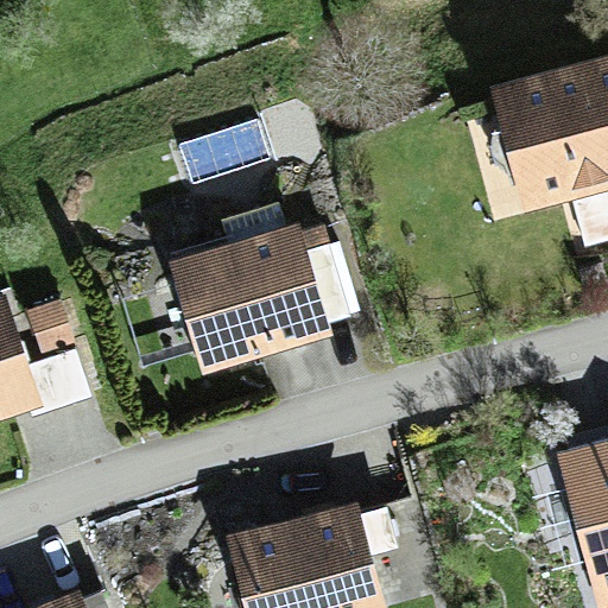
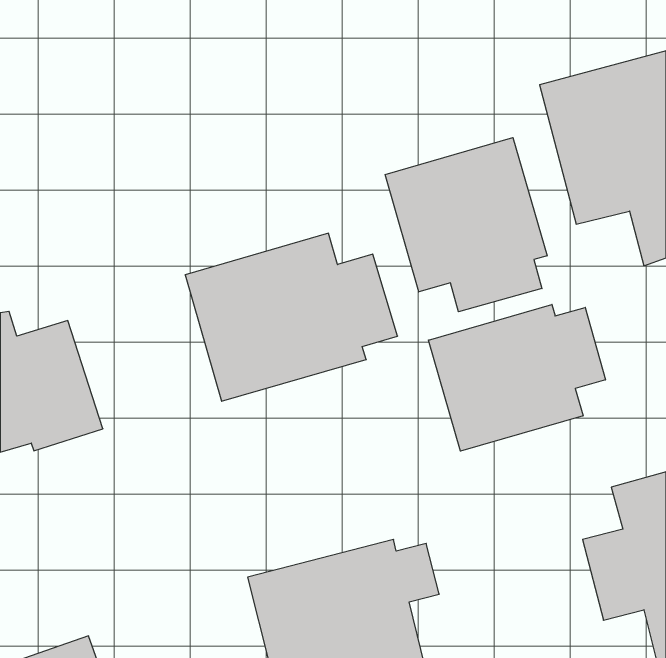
building: none -> [385,138,547,312]
building: none -> [428,304,605,451]

